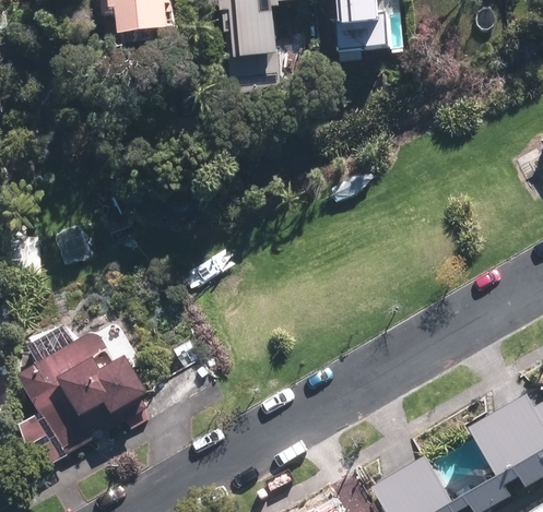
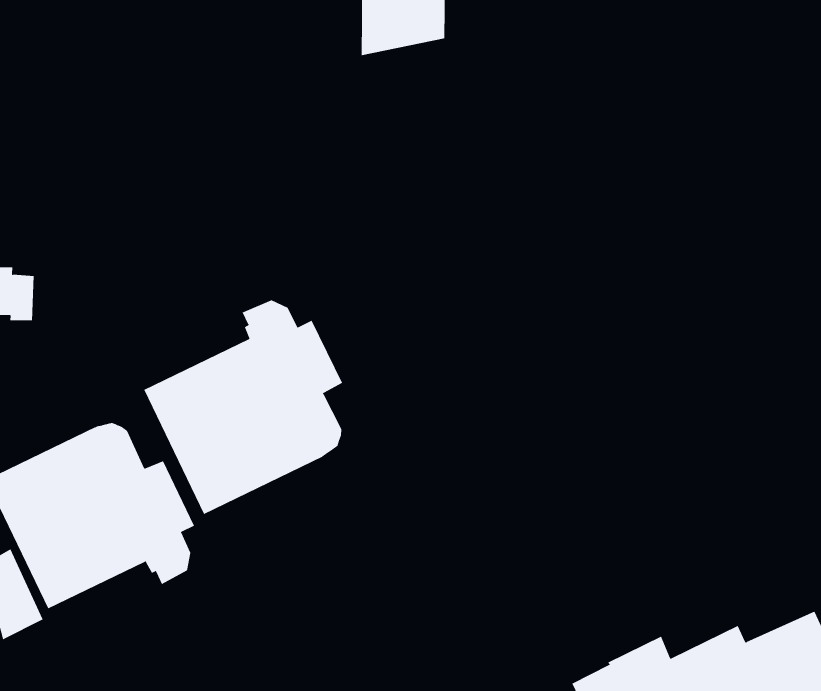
building: none -> [144,299,343,515]

